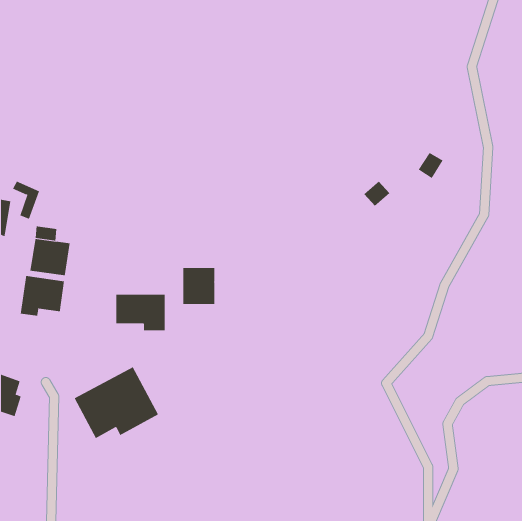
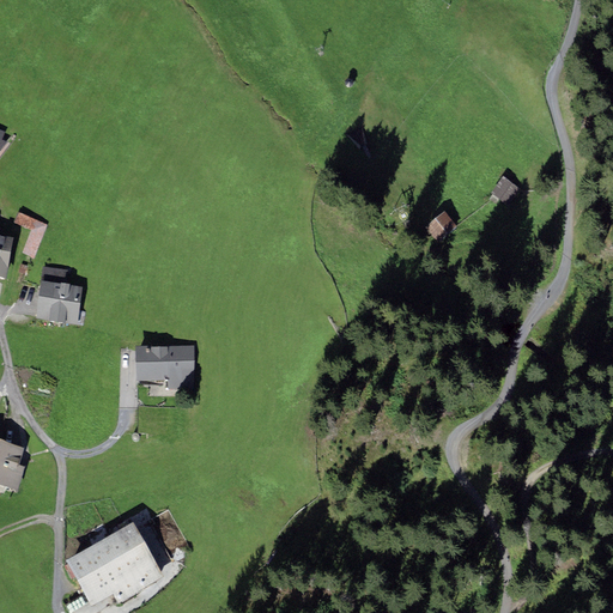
building: [183,267,215,305] -> none
building: [20,275,65,317] -> none
building: [74,366,159,439] -> [65,521,164,606]

